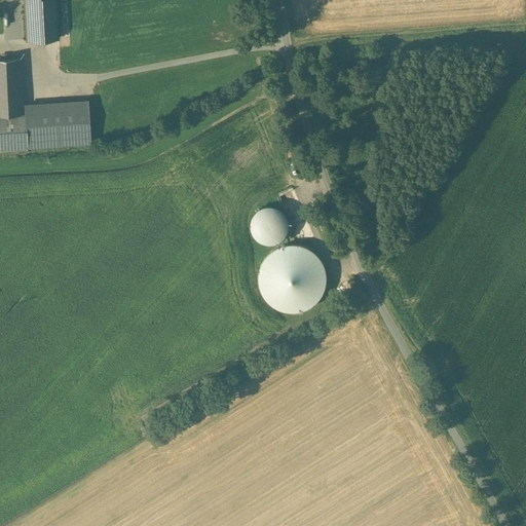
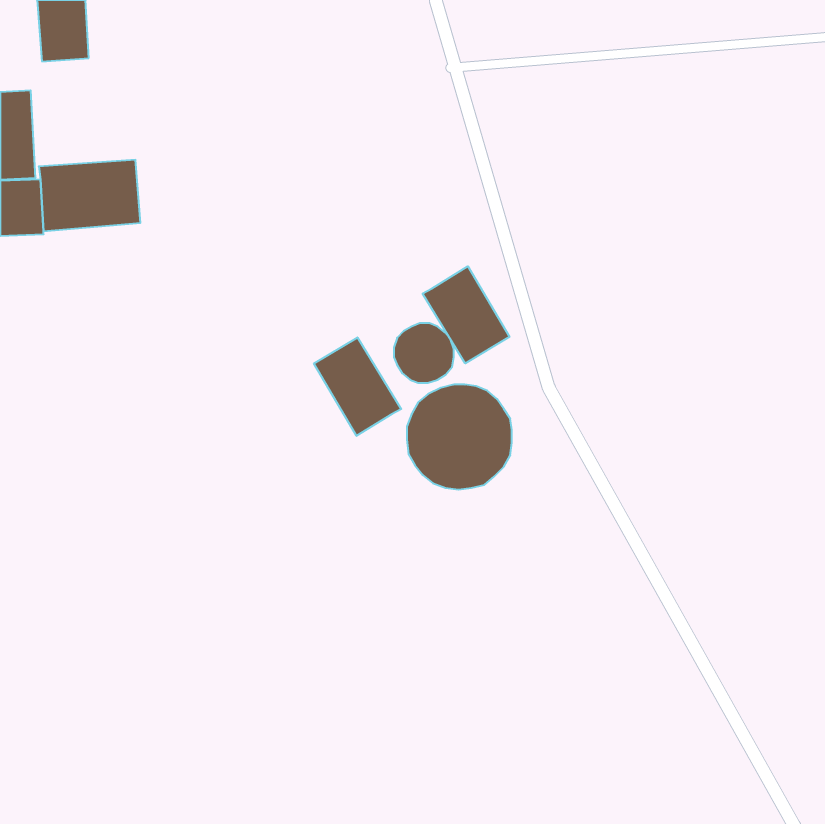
building: none -> [423,266,509,363]
building: none -> [314,337,401,436]

